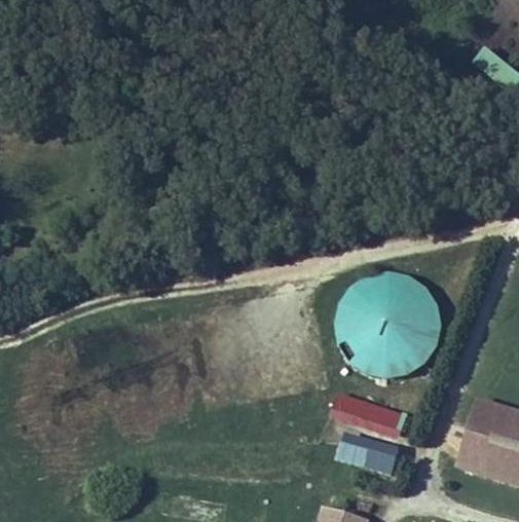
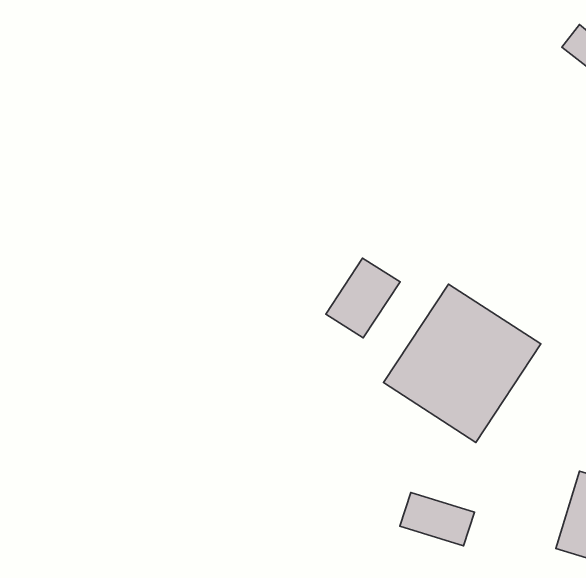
building: none -> [326,258,400,338]
building: [330,394,407,436] -> none

